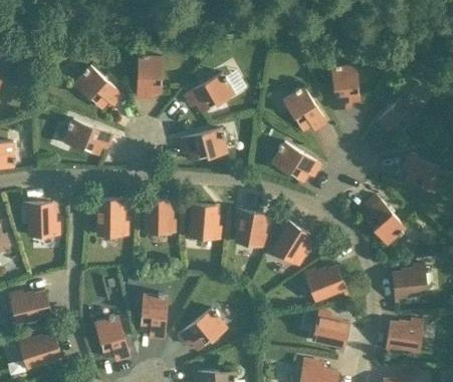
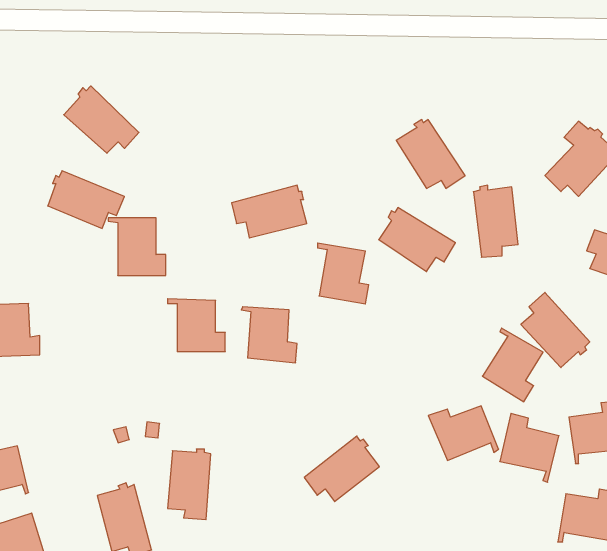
building: [137,54,162,99] -> none
building: [331,64,360,109] -> [473,185,518,257]
building: [185,73,234,112] -> none
building: [91,200,128,236] -> [108,218,166,275]
building: [235,210,267,248] -> [318,243,369,304]
building: [272,220,310,266] -> [482,328,543,402]
building: [179,309,226,350] -> [304,436,379,502]
building: [312,310,350,353] -> [500,413,559,482]

